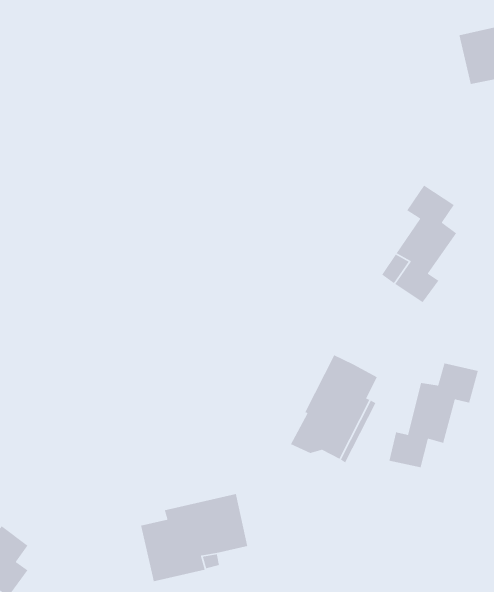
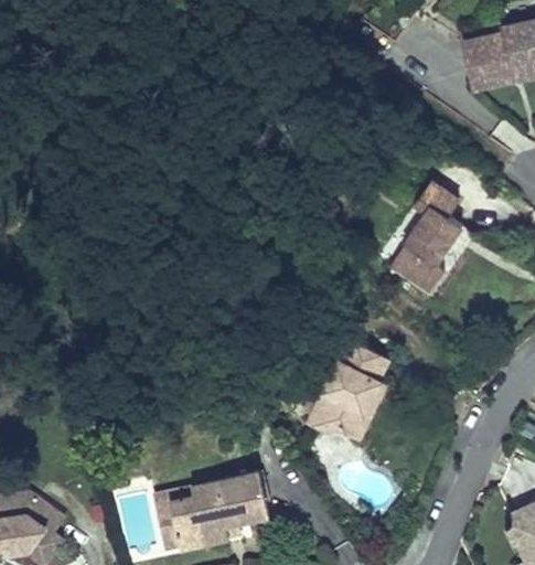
building: [389,363,479,468] -> none
building: none -> [152,483,192,550]

